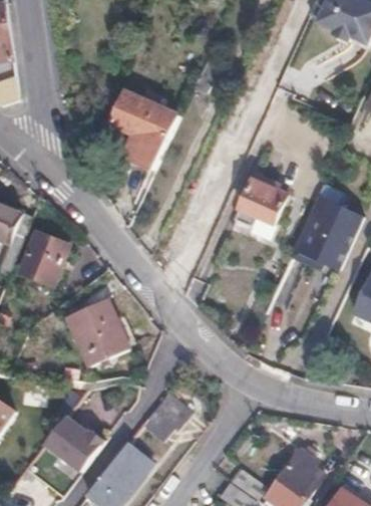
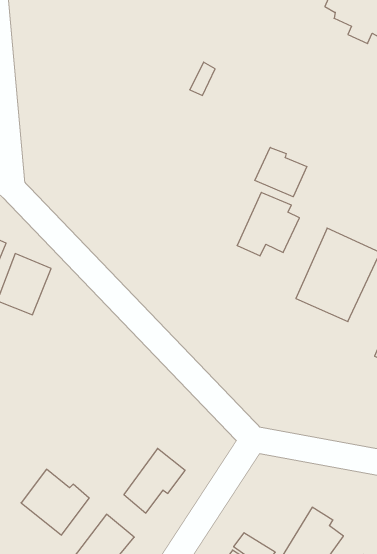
building: [106,90,175,175] -> none
building: none -> [255,147,307,197]
building: [65,296,129,364] -> none

